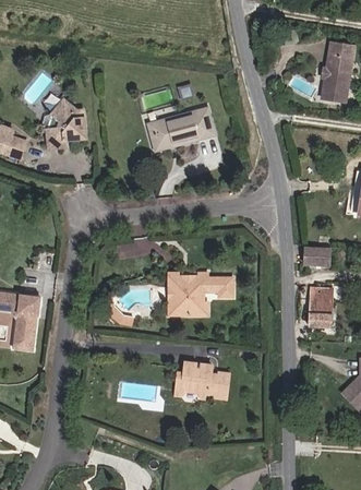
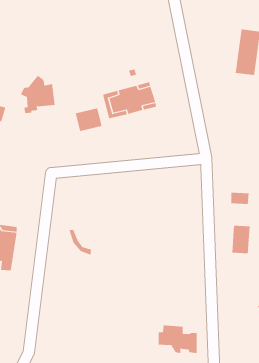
building: none -> [75,107,102,132]
building: [168,273,233,318] -> none
building: [179,367,229,403] -> [158,325,198,353]

